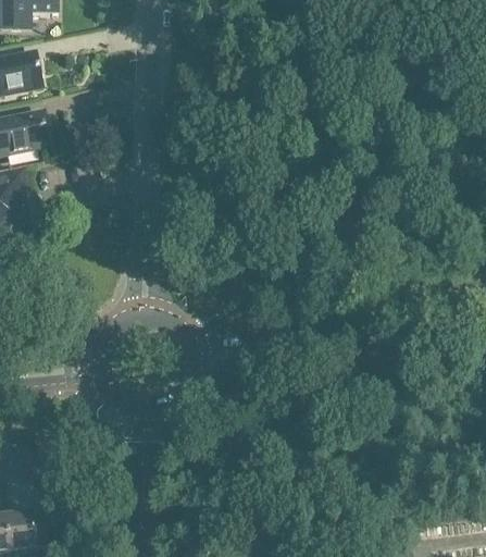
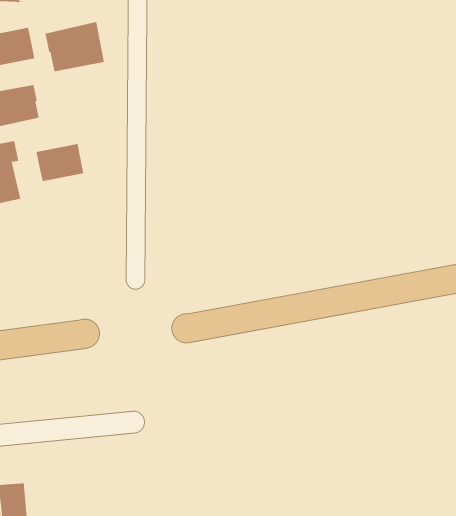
building: none -> [45,21,104,72]
building: none -> [36,143,84,182]

